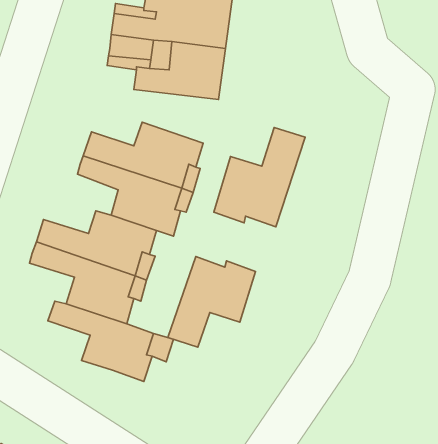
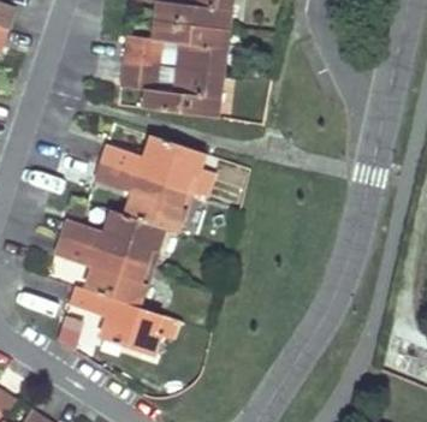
building: [214,128,305,227] -> none
building: [168,256,256,347] -> none

